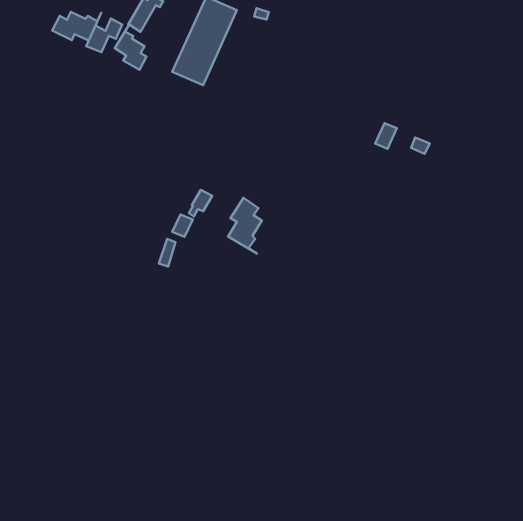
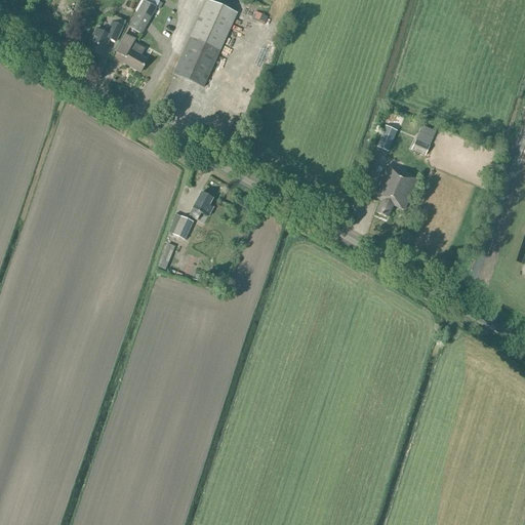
building: [52,12,101,40] -> none
building: none -> [375,163,417,214]
building: [228,198,262,254] -> none

